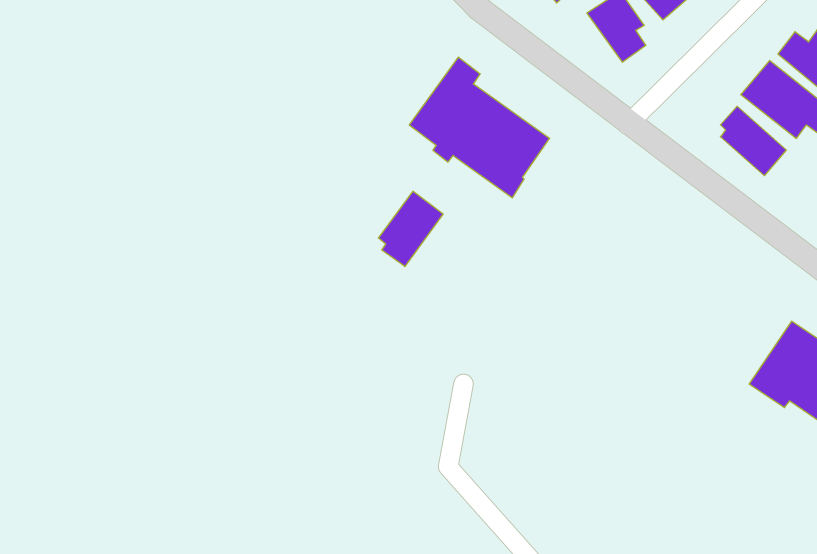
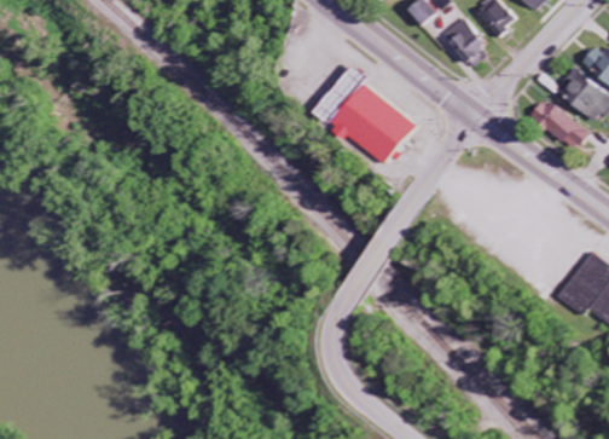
building: [379,191,443,267] -> none

